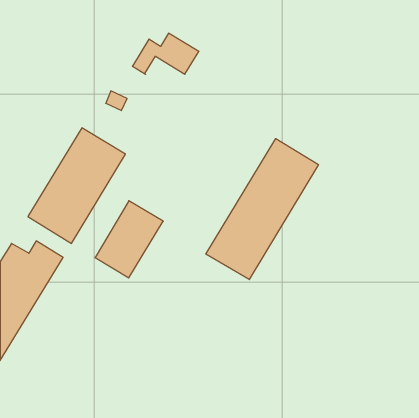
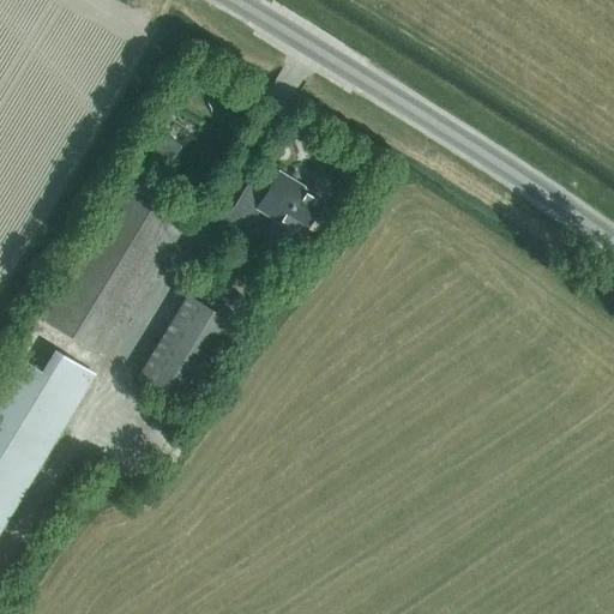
building: [132,33,199,74] -> [225,175,323,235]
building: [206,139,318,280] -> none

